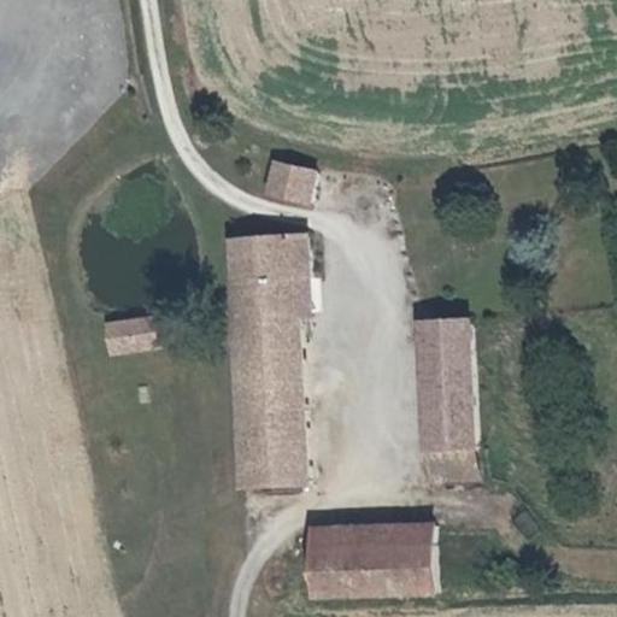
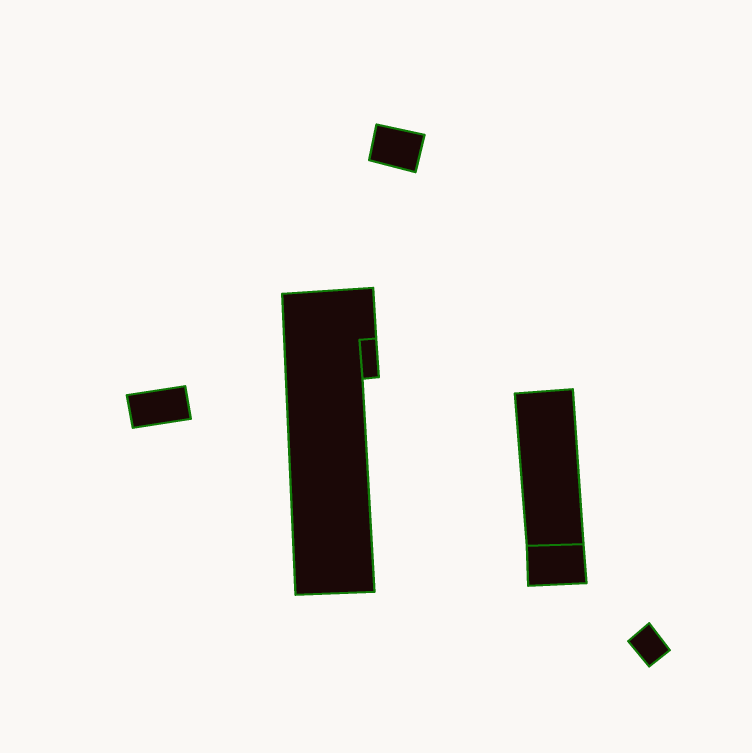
building: [265,158,310,196] -> [369,125,424,172]
building: [310,540,431,589] -> none

